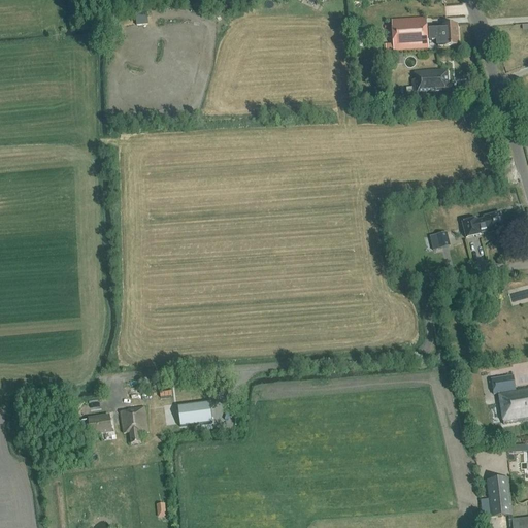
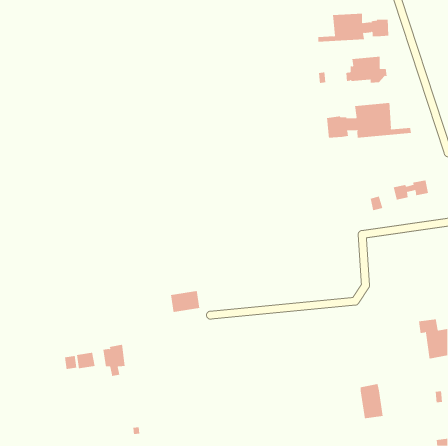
building: none -> [326,102,412,139]
building: [175,398,210,424] -> [170,291,200,312]
building: [485,475,513,517] -> [360,384,383,419]

